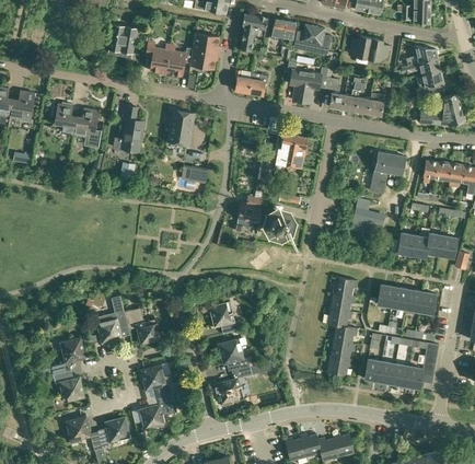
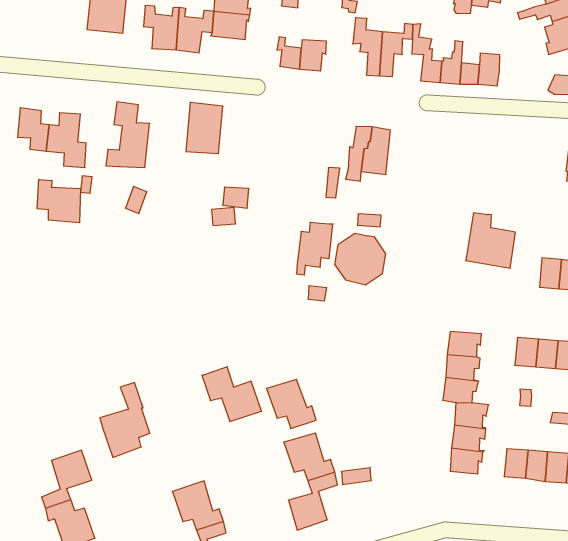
building: [370,151,405,193] -> none
building: none -> [37,179,80,223]
building: [124,309,162,346] -> [202,367,262,422]

